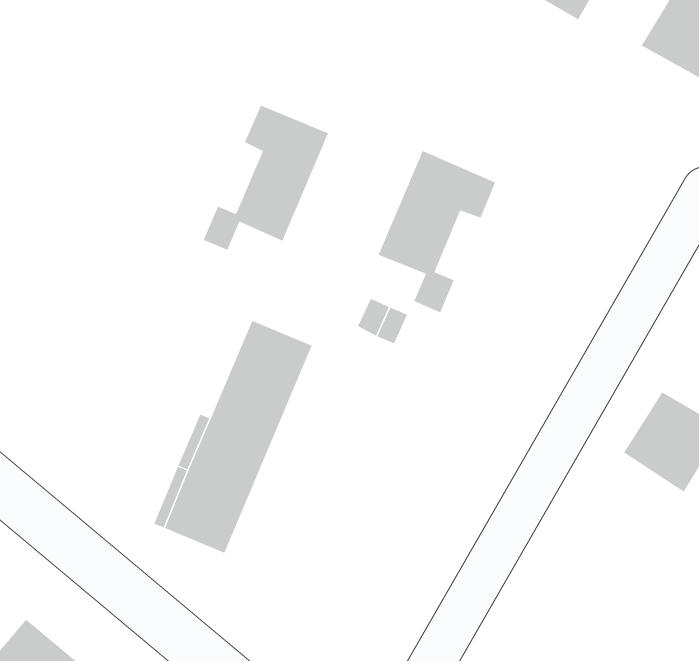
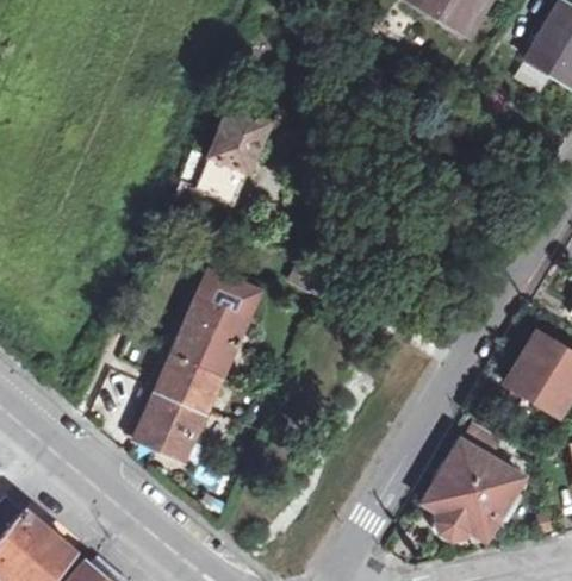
building: [378,150,496,313] -> none
building: none -> [424,425,524,539]

